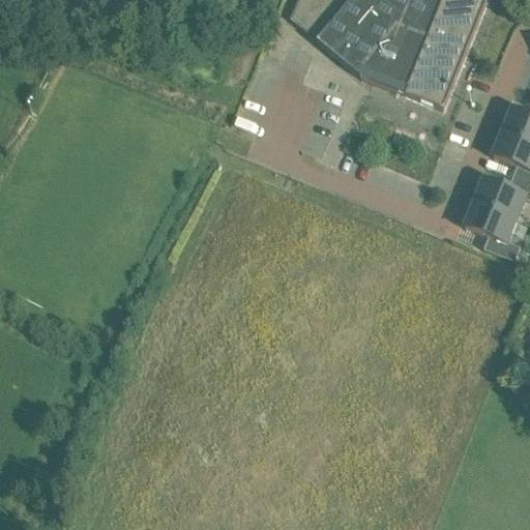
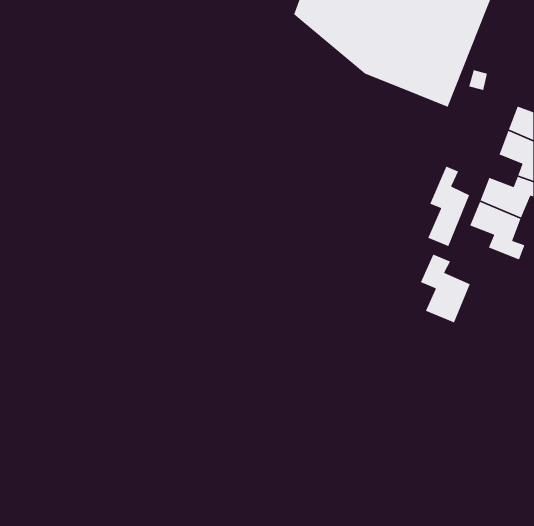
building: none -> [427,165,470,247]
building: none -> [420,253,471,324]

